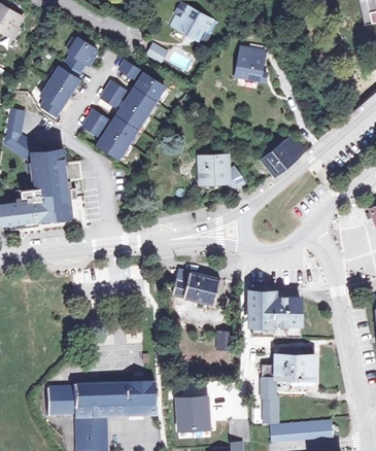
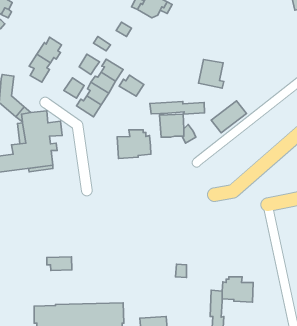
building: [66,35,95,68] -> none
building: [236,43,267,78] -> [199,59,224,88]
building: [135,72,165,98] -> [119,75,144,96]
building: none -> [150,102,204,114]
building: none -> [117,130,151,158]
building: [172,270,223,306] -> none
building: [250,299,304,340] -> none
building: none -> [47,257,72,270]

